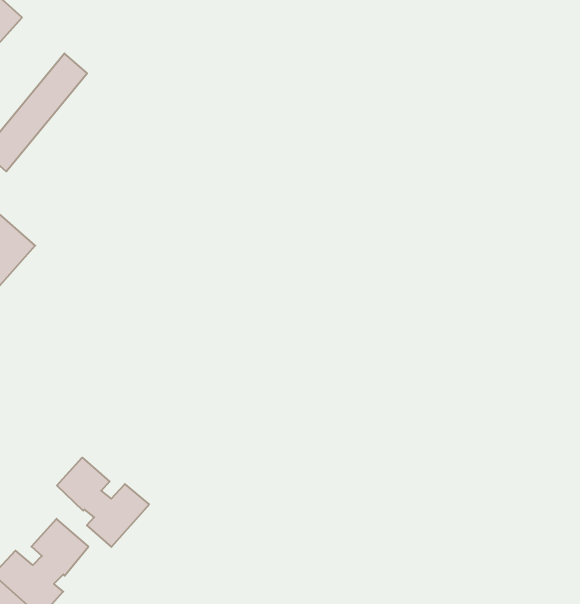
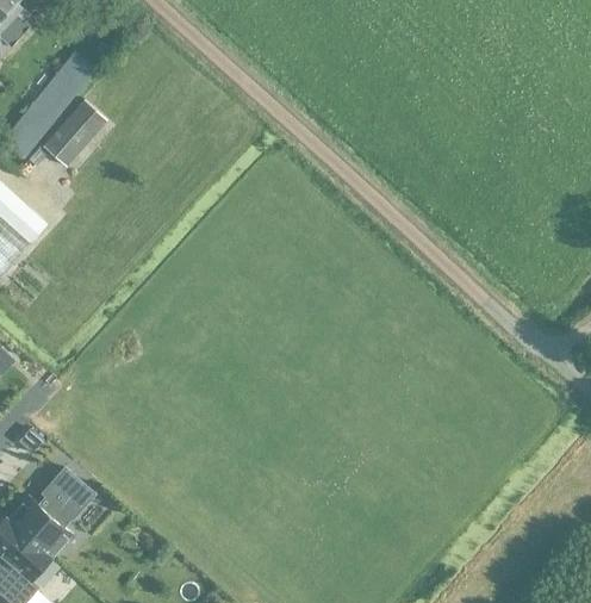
building: none -> [29,100,107,168]
building: [57,458,149,547] -> none

